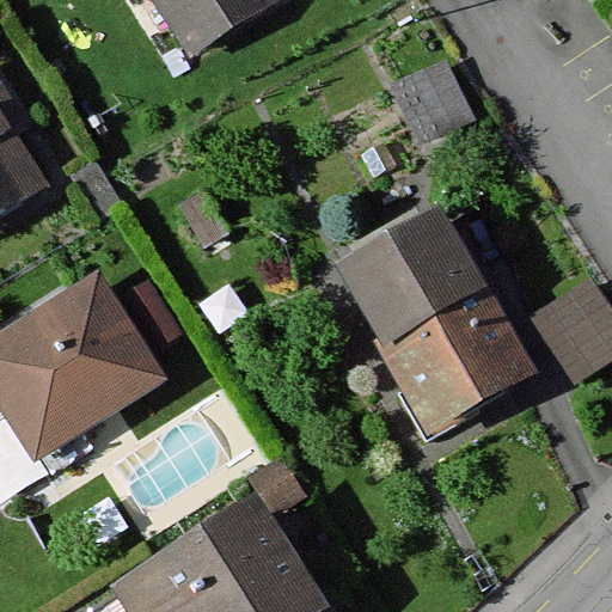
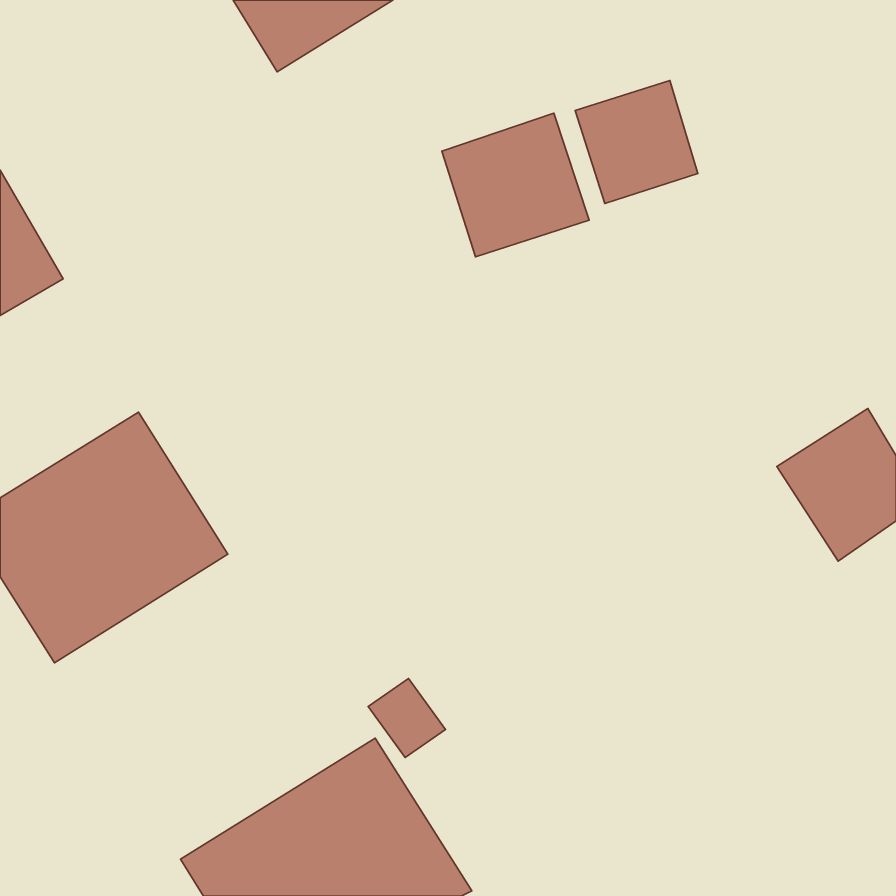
building: none -> [442,113,589,257]
building: [341,214,530,429] -> none

